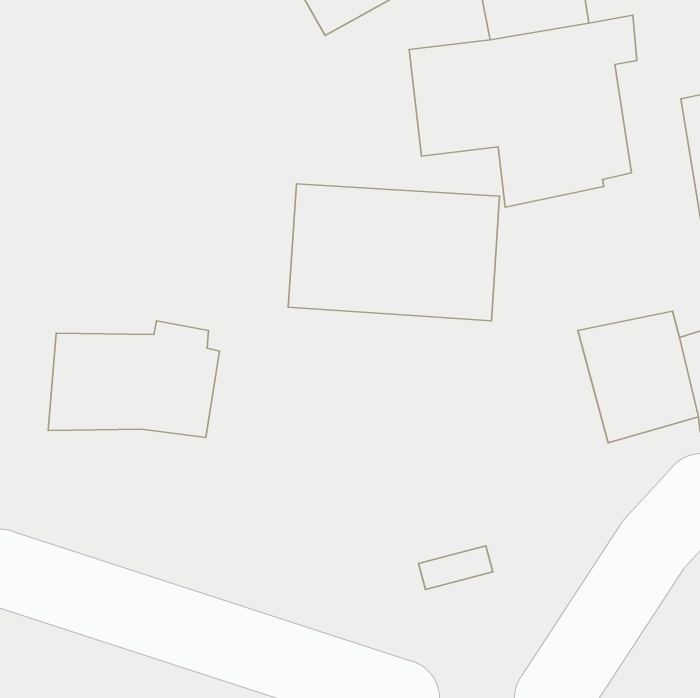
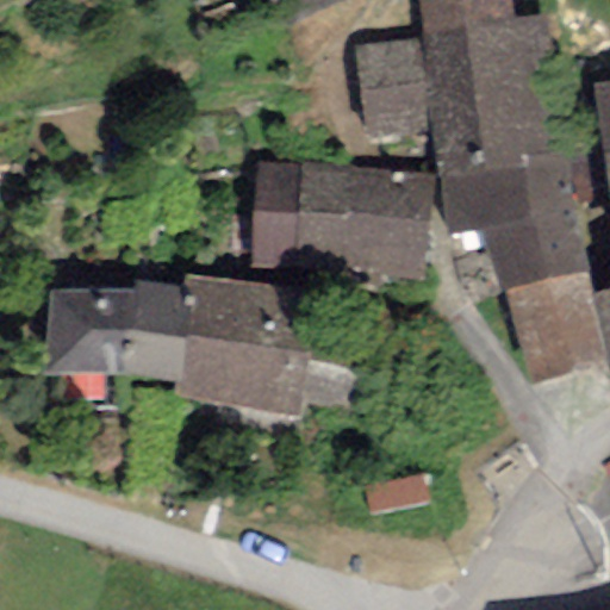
building: none -> [440,149,585,287]
building: none -> [175,272,319,415]

